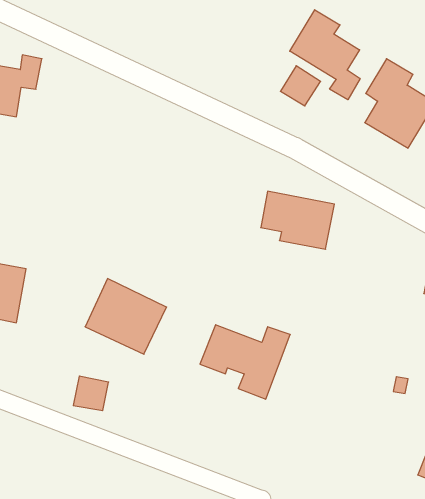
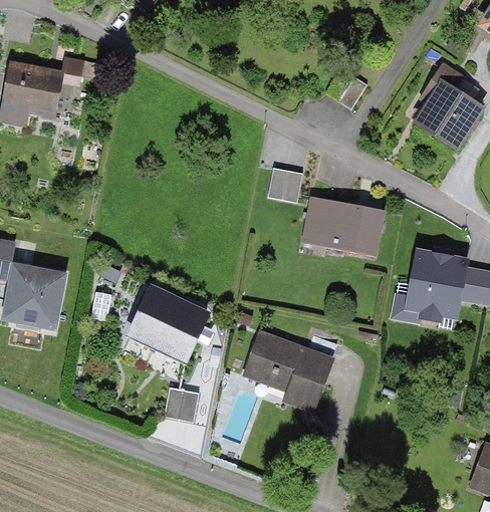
building: [290,10,360,100] -> none
building: none -> [269,166,303,201]
building: none -> [407,251,467,320]
building: [73,376,109,411] -> [164,386,200,421]

